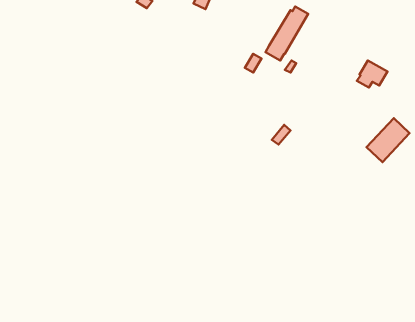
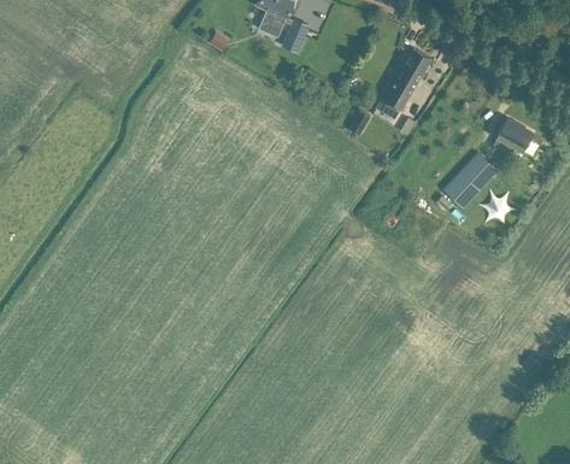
building: [367,118,410,162] -> [442,152,498,208]

